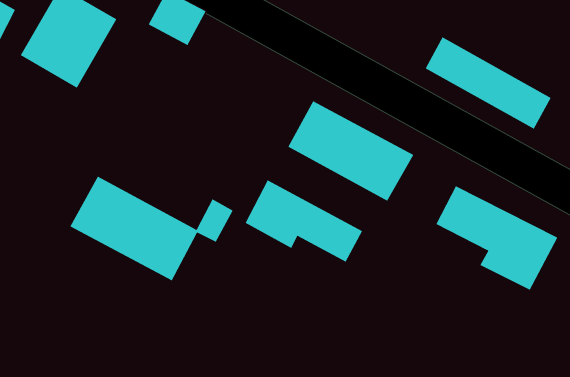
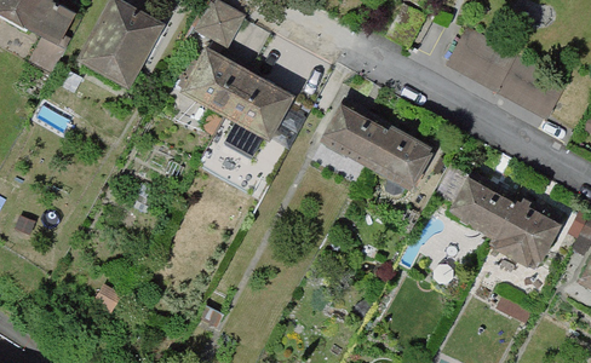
building: [70,176,233,281] -> [179,44,328,139]
building: [245,179,363,263] -> none

